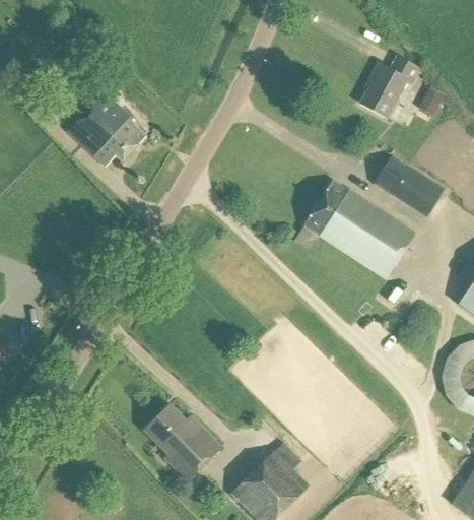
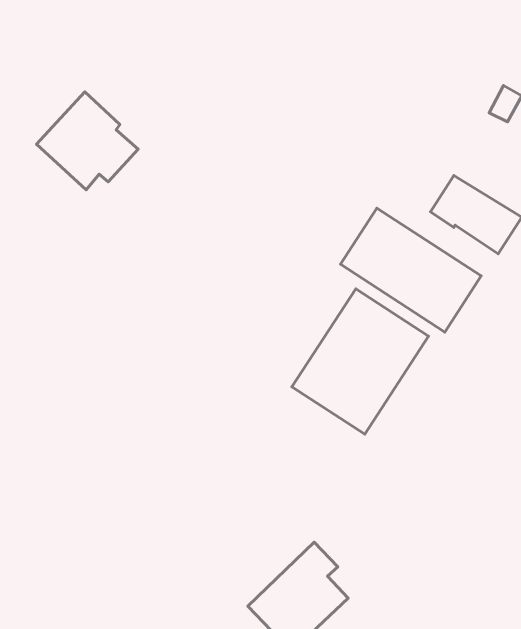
building: [358,60,416,119] -> none
building: none -> [292,289,429,434]
building: [144,403,222,482] -> none

